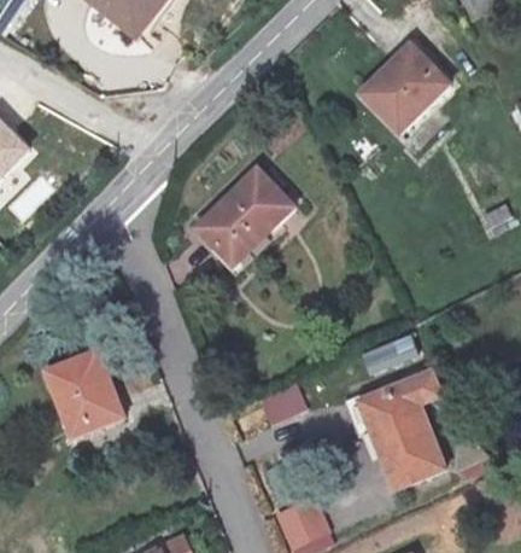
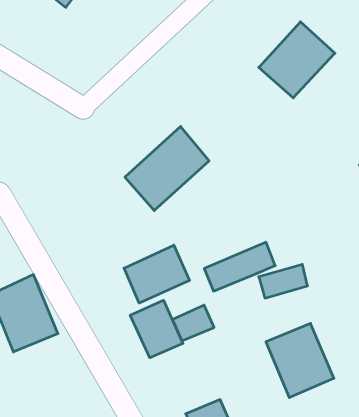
building: none -> [124,245,190,303]
building: [357,368,441,426] -> [204,242,275,291]
building: none -> [130,300,183,358]

